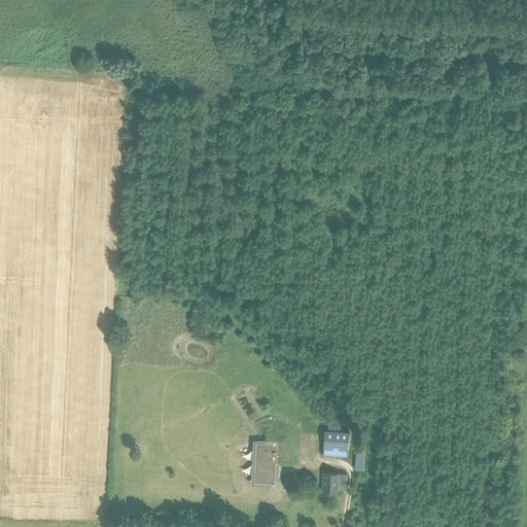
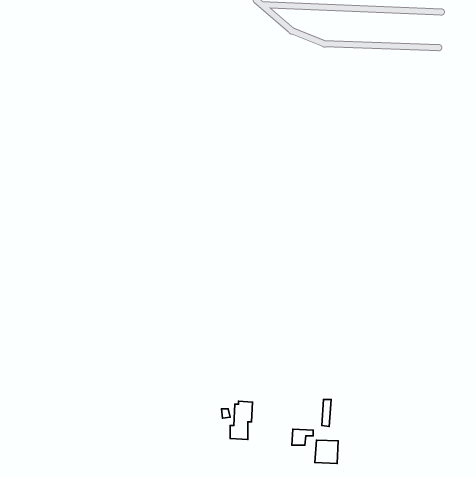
building: [321,431,347,457] -> [315,440,338,463]

